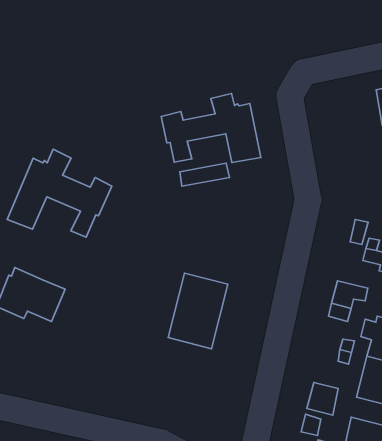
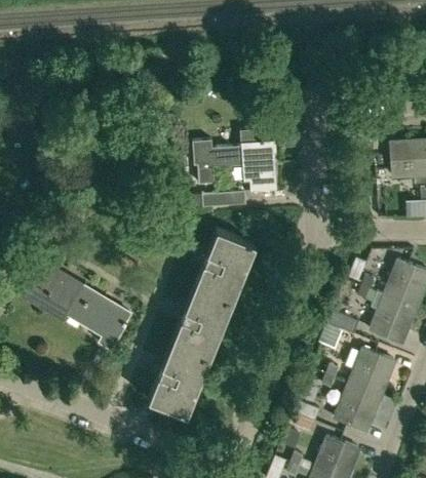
building: [7,149,112,237] -> none
building: none -> [195,231,256,303]
building: none -> [69,287,131,350]
building: none -> [150,344,210,416]

